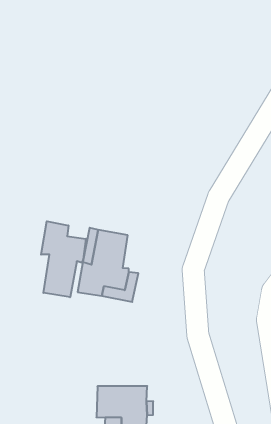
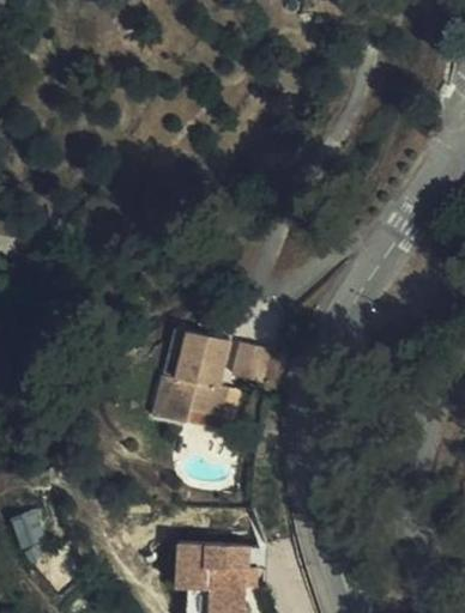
building: [41,221,86,297] -> none
building: none -> [235,340,273,382]

